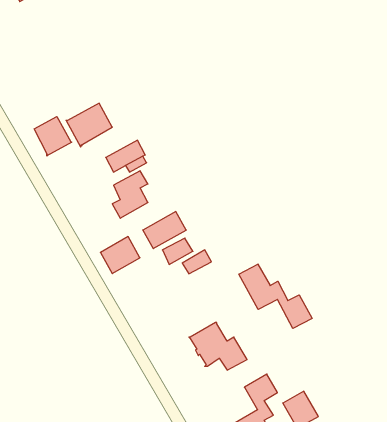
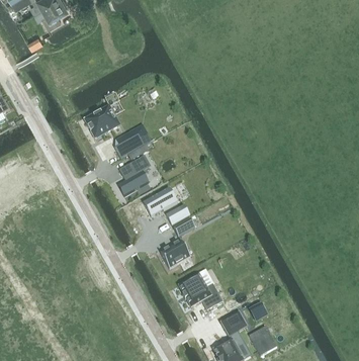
building: [34,117,72,156] -> none
building: [100,237,140,274] -> [160,240,190,268]
building: [239,264,312,328] -> none

